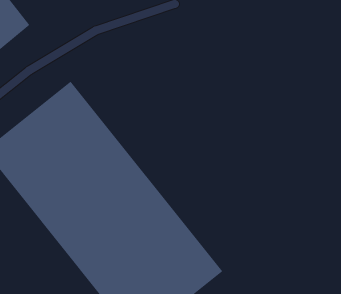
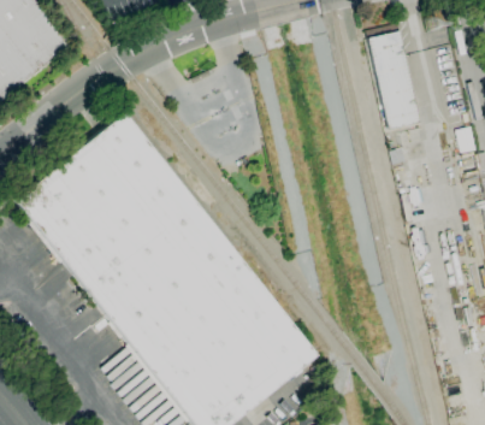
building: none -> [366,31,413,128]

